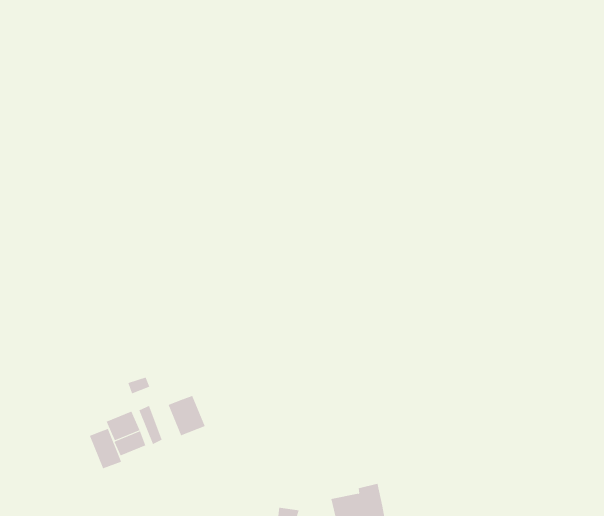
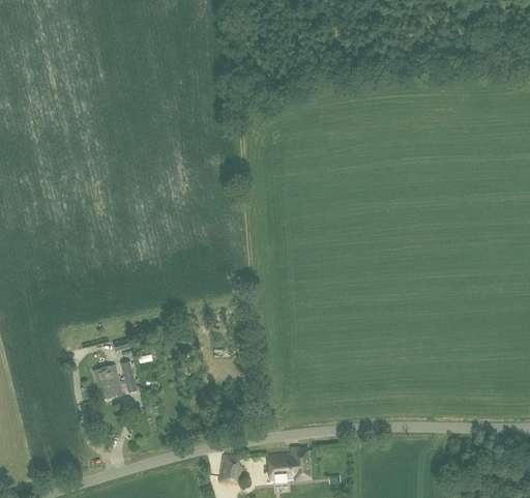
building: [168,395,206,436] -> none
building: [89,428,122,469] -> none

